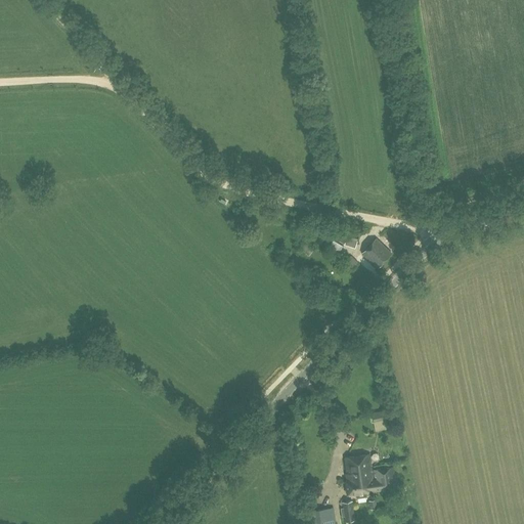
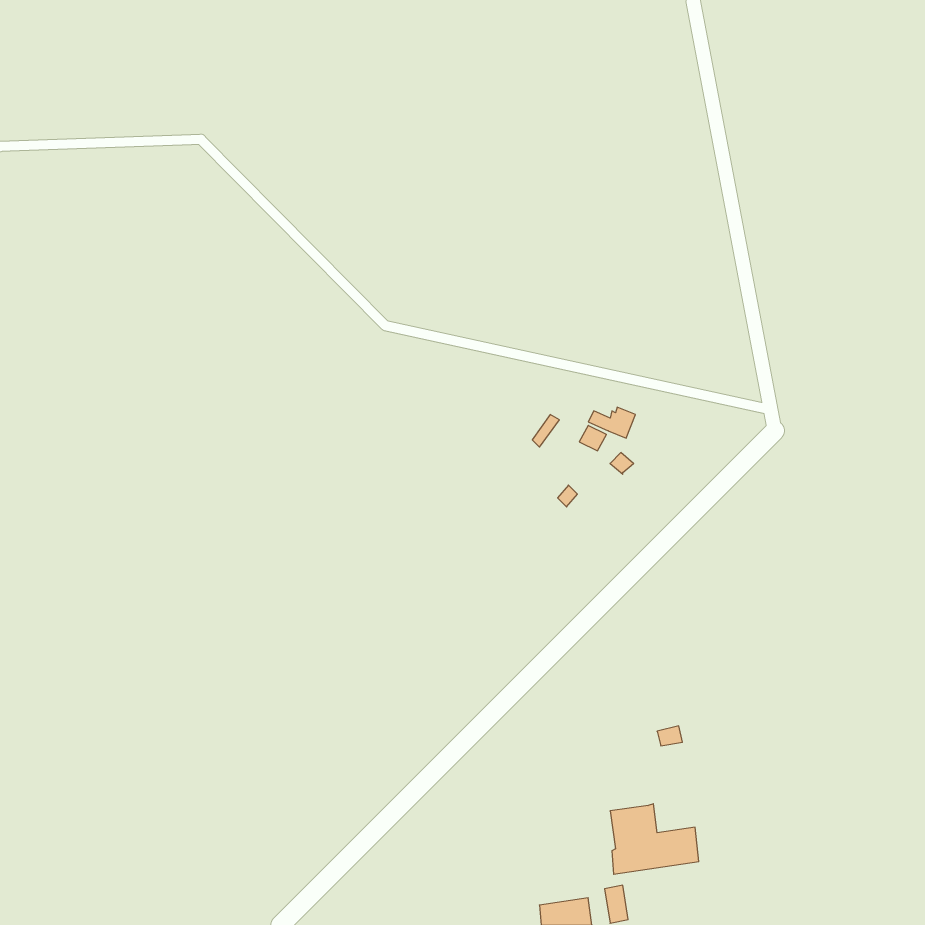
building: [362,238,391,267] -> none

